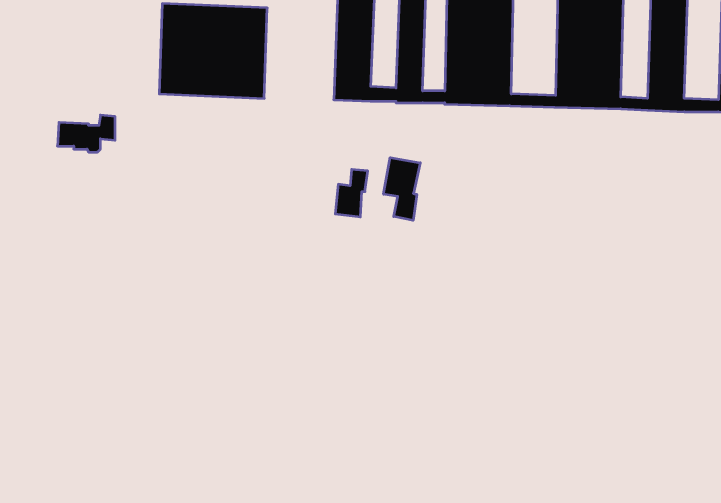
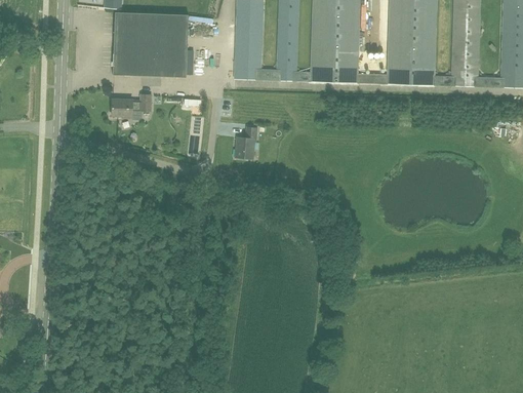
building: [57,115,115,152] -> [111,92,151,118]
building: [384,158,420,220] -> none

